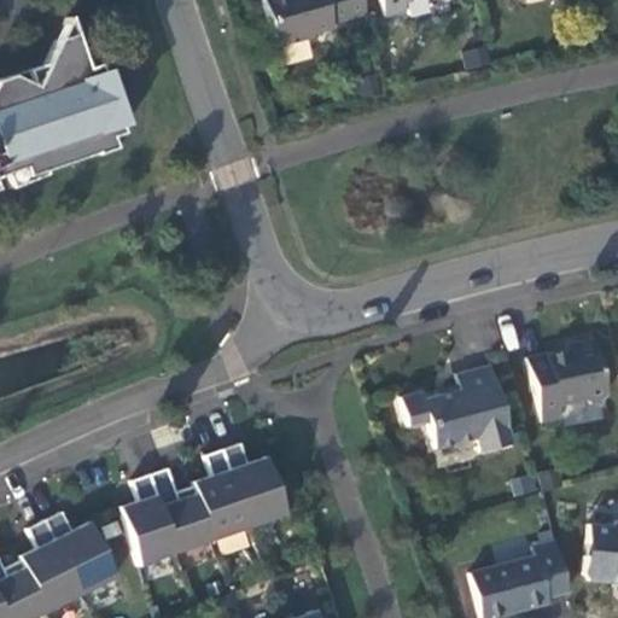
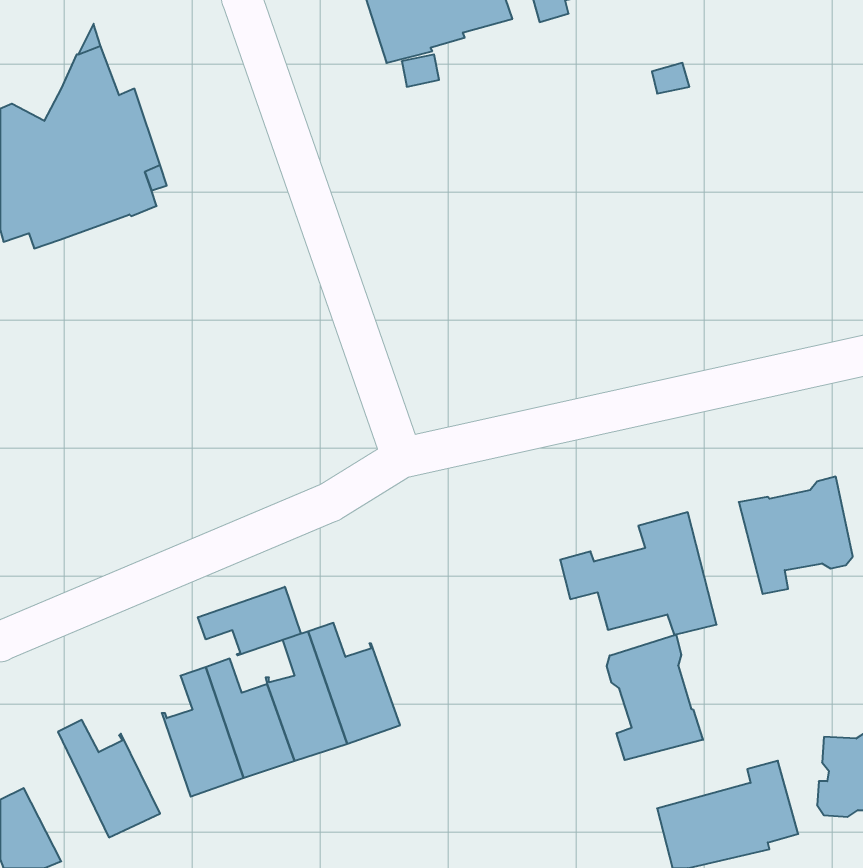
building: none -> [198,587,301,655]
building: none -> [607,634,703,760]
building: [21,519,82,611] -> none

